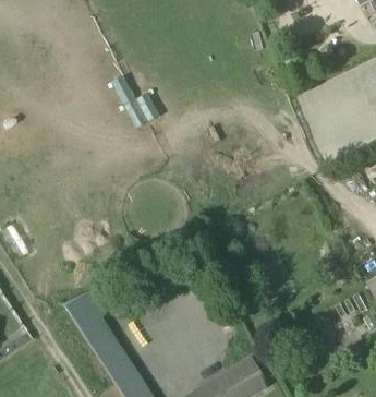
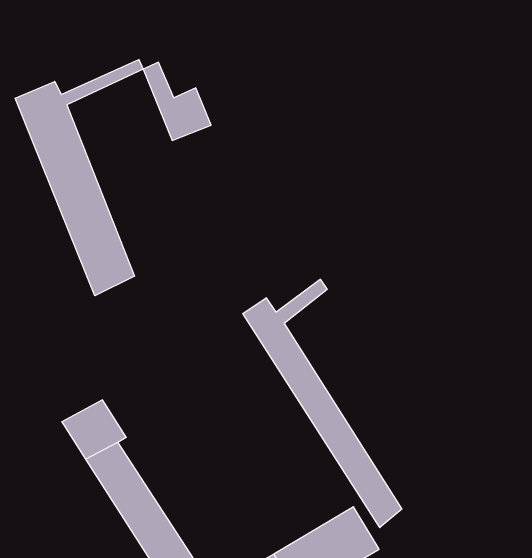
building: none -> [15,60,143,296]
building: none -> [243,279,402,528]

